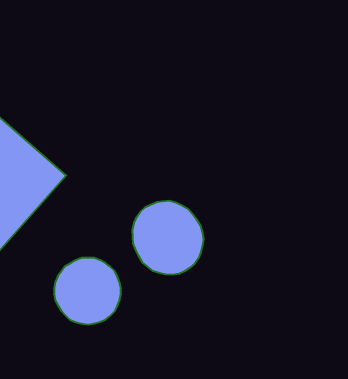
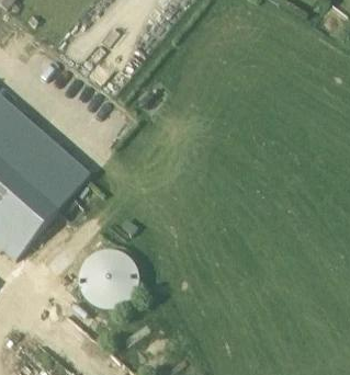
building: [133,201,203,275] -> none

